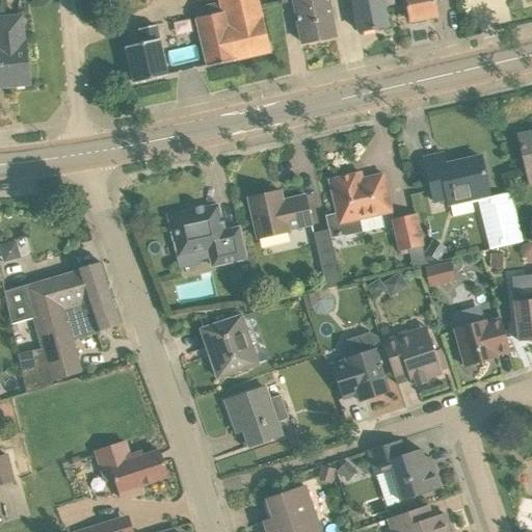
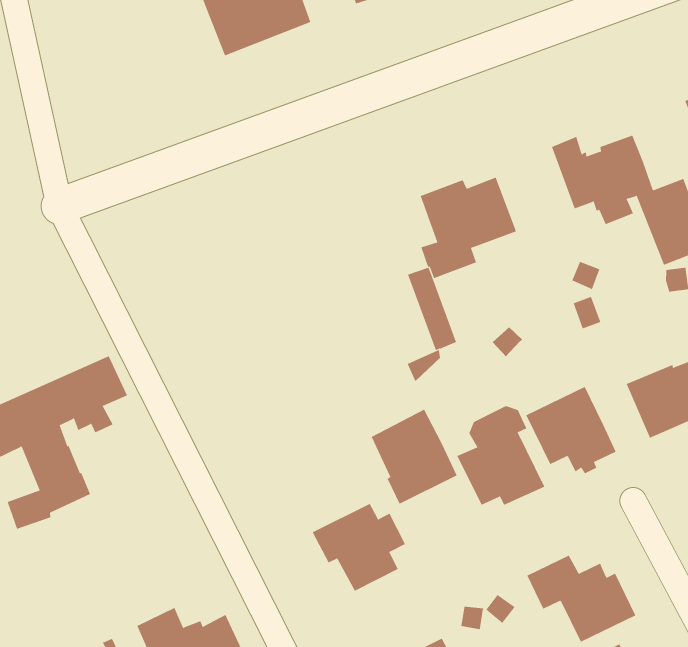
building: [126,24,166,82] -> none
building: [247,189,311,238] -> none
building: [168,204,247,268] -> none
building: [390,211,426,266] -> none
building: [22,290,122,392] -> none
building: [203,313,259,376] -> [371,409,457,504]

